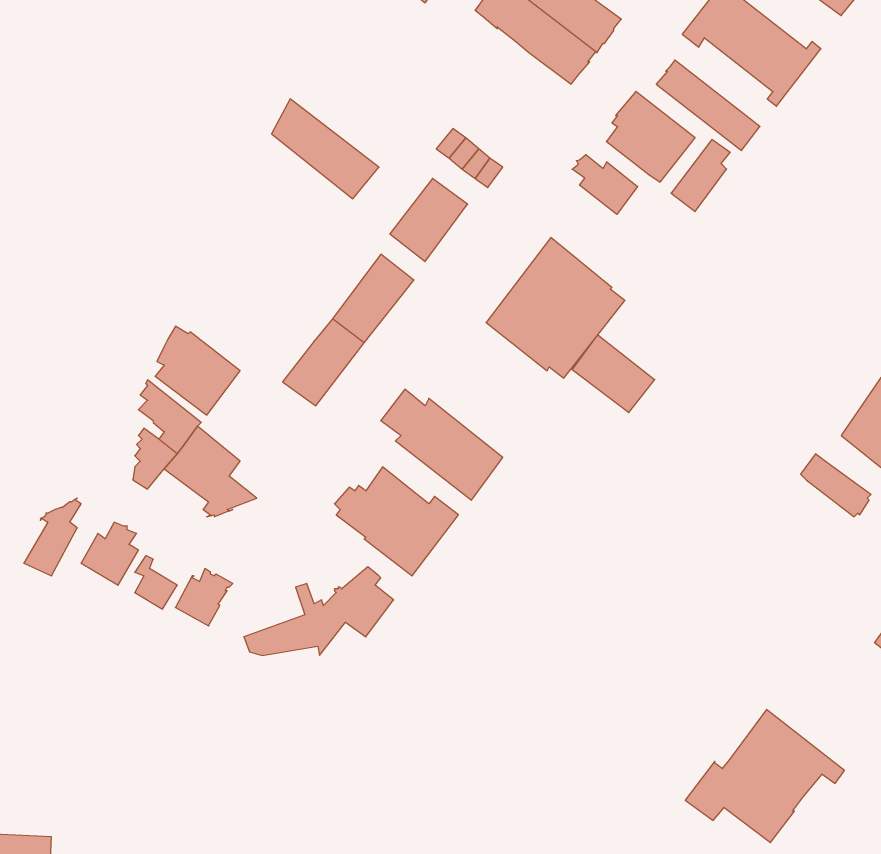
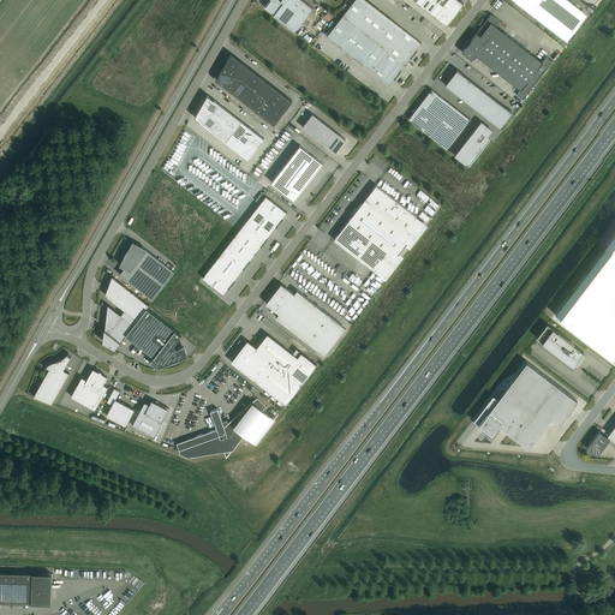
building: none -> [215,55,292,126]
building: [572,155,638,214] -> none
building: [572,335,655,413] -> none
building: [685,709,844,843] -> [473,363,577,449]

